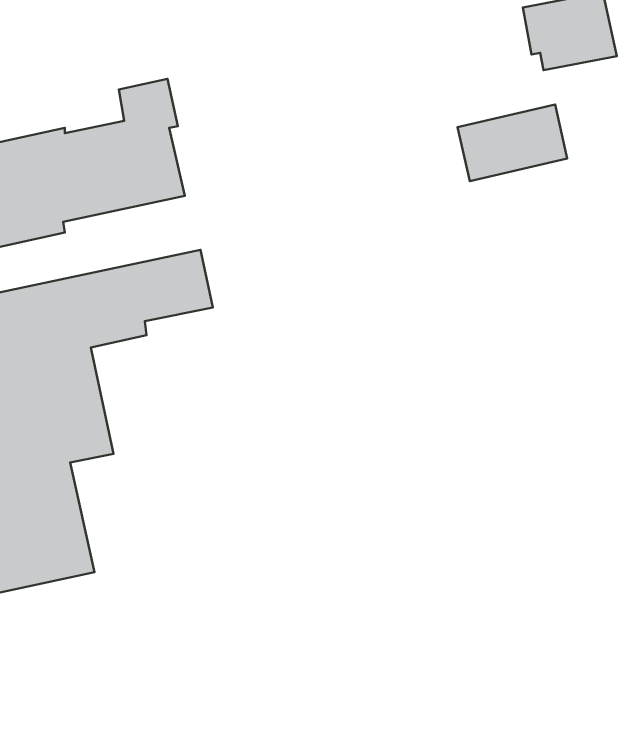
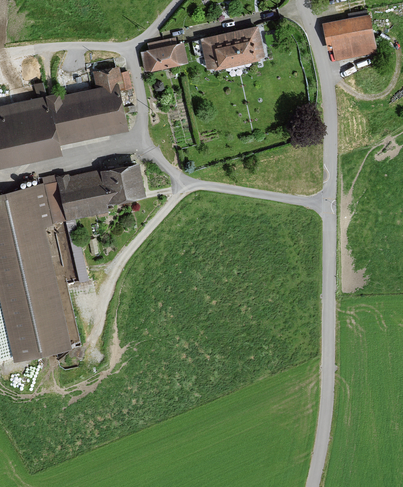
building: none -> [141,38,187,72]
building: [458,105,567,181] -> [201,26,264,70]

